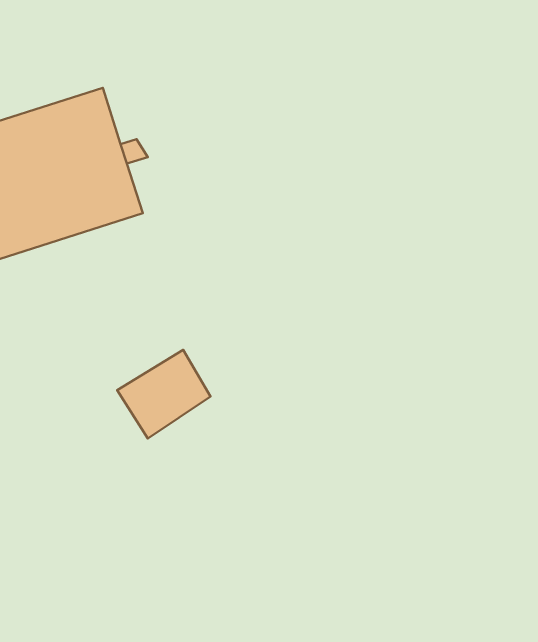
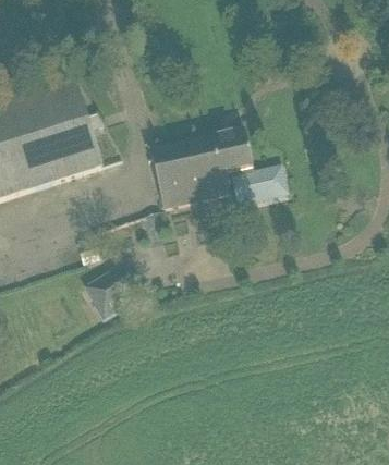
building: none -> [151,127,277,208]

